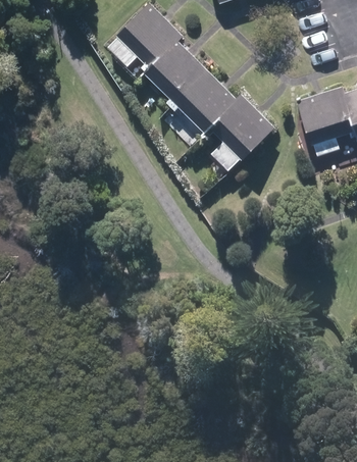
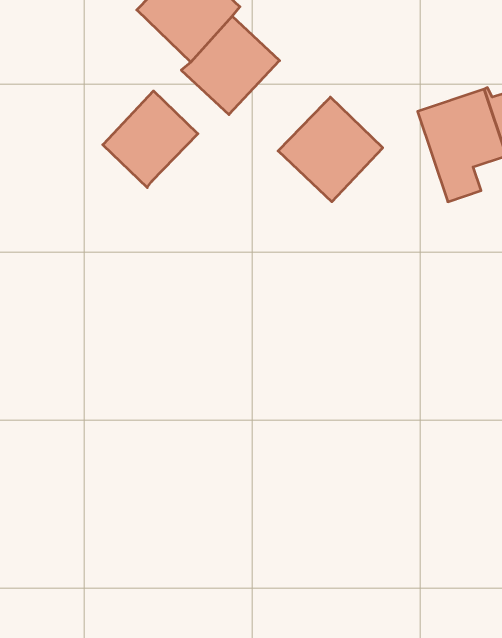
building: [175,68,237,131] -> [103,91,198,188]

